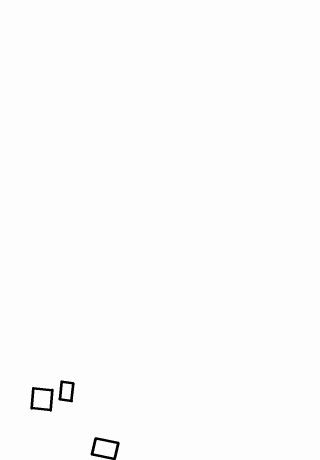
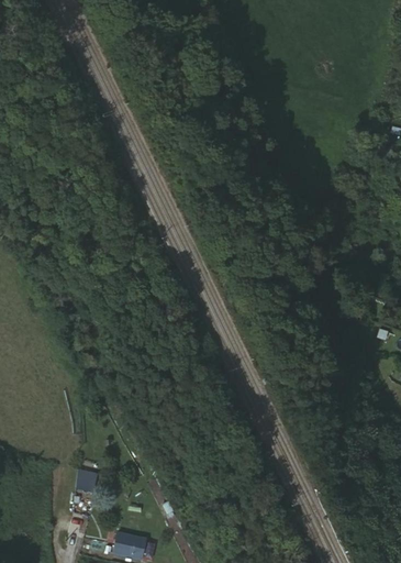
building: [32,388,52,410] -> none

